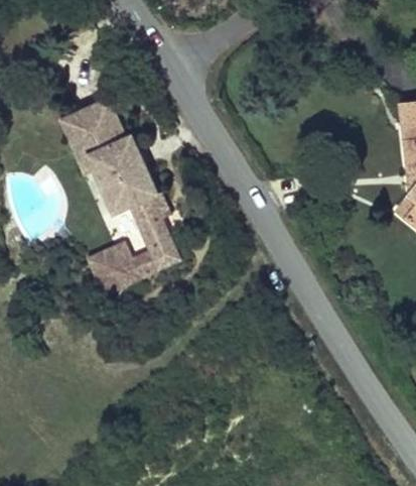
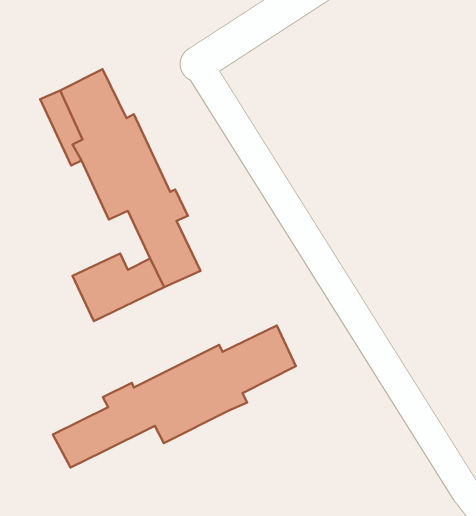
building: none -> [53,326,296,468]

